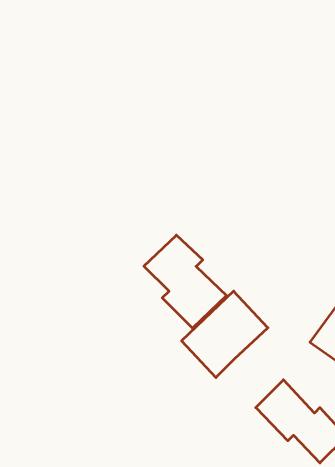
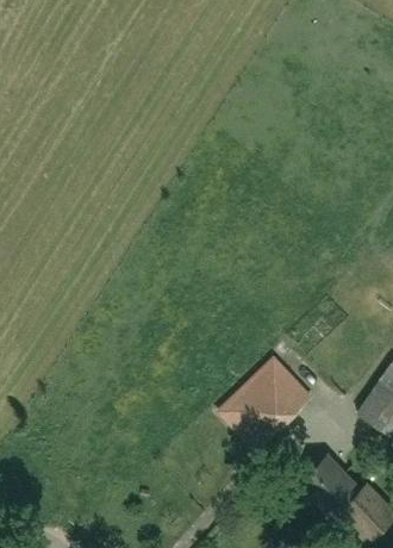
building: [144,235,226,328] -> none

